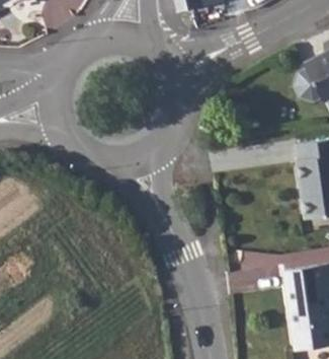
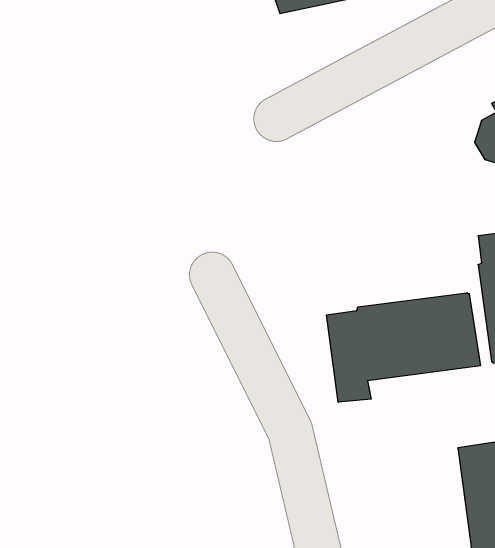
building: none -> [326,293,480,402]

